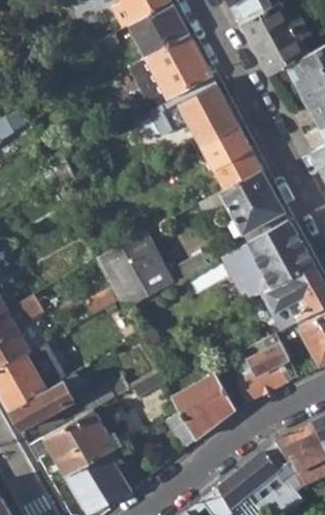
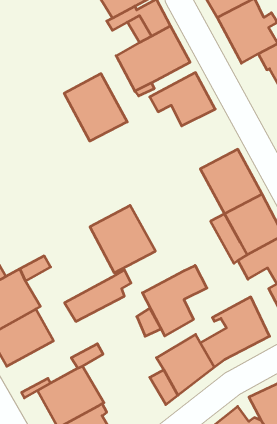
building: none -> [64,74,127,141]
building: [201,126,263,190] -> none
building: none -> [142,265,207,336]
building: [8,374,82,430] -> [65,270,131,321]

